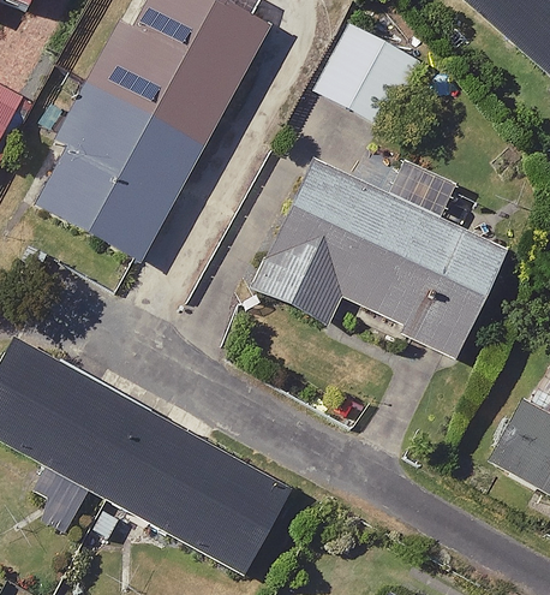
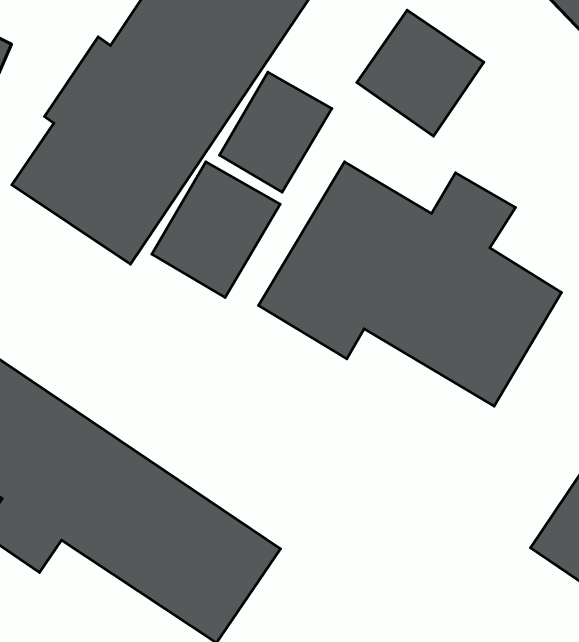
building: none -> [220,72,332,192]
building: none -> [152,162,280,298]

